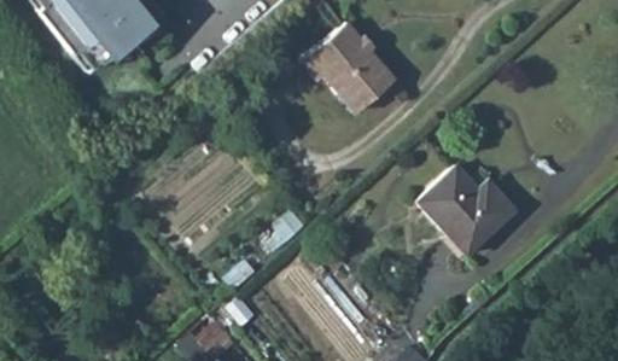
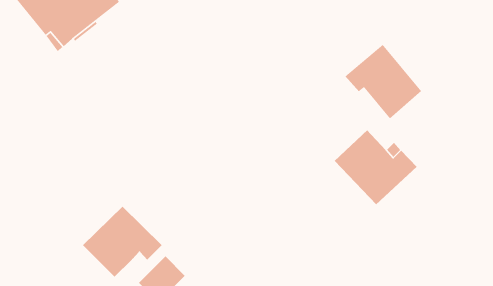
building: [303,21,396,111] -> [345,44,422,119]
building: none -> [82,206,163,278]

